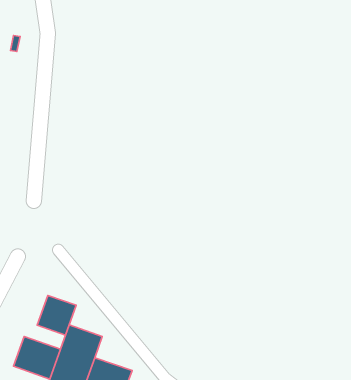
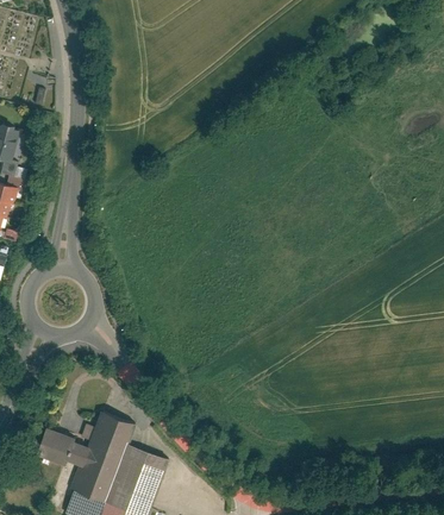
building: [37,295,76,335] -> none

